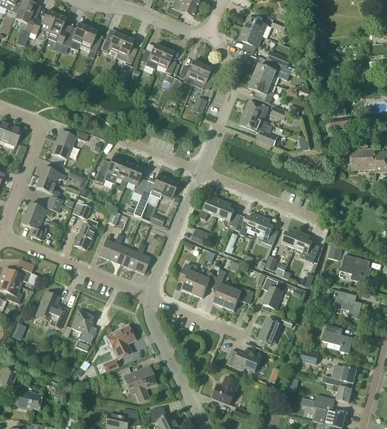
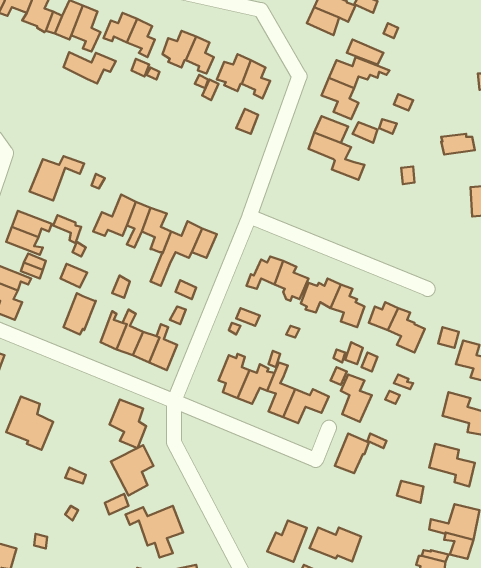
building: none -> [64,52,116,83]
building: [71,310,96,343] -> [109,400,146,448]
building: [226,349,261,372] -> [309,528,361,561]

